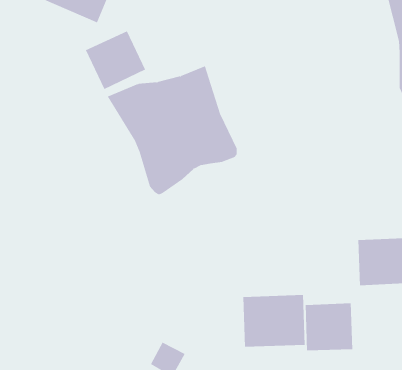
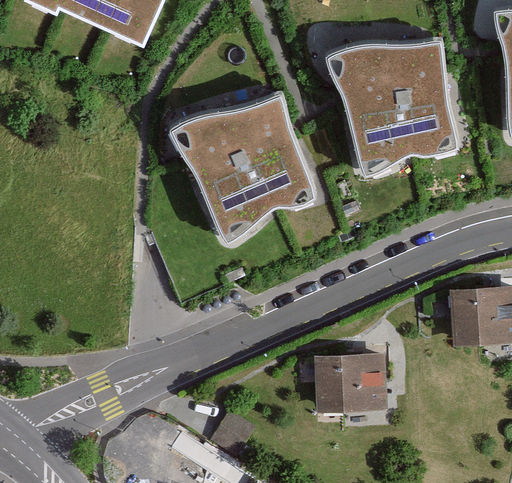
building: none -> [318,37,456,176]
building: [85,30,146,90] -> none
building: [305,302,353,351] -> none

